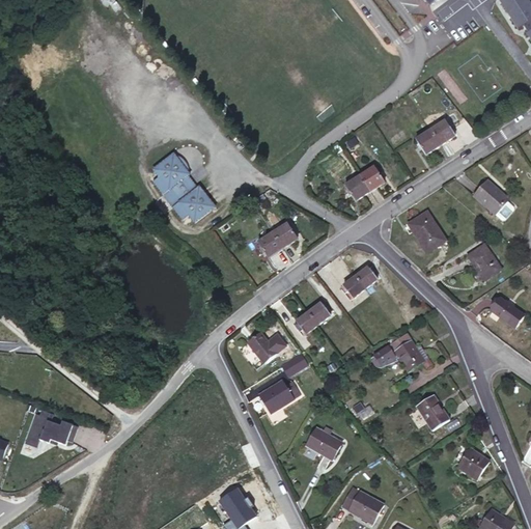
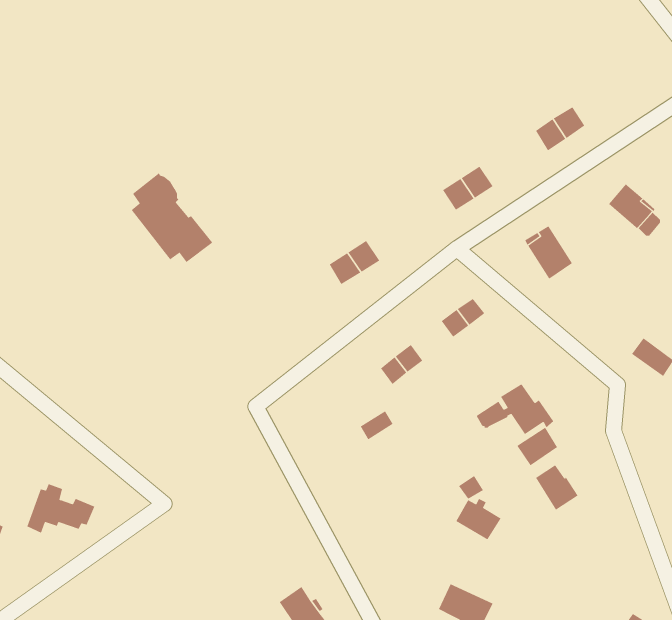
building: [151,151,215,221] -> [131,172,213,263]
building: [467,243,501,279] -> none
building: [247,332,276,362] -> none
building: none -> [517,427,558,466]
building: [257,379,300,412] -> none
building: [306,426,341,458] -> [456,498,501,540]
building: [454,443,488,479] -> none

